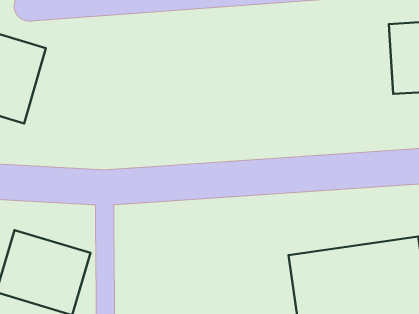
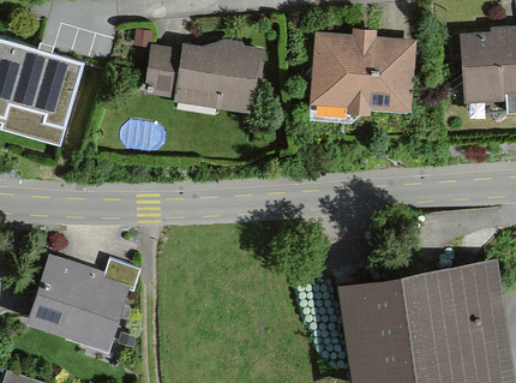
building: none -> [317,36,413,118]
building: none -> [148,41,257,107]

